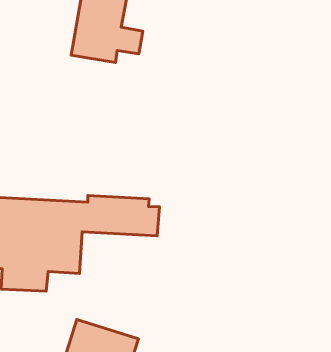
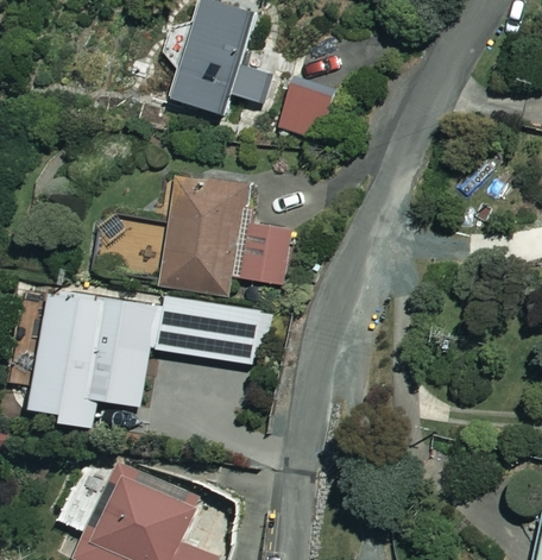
building: none -> [278,75,334,139]
building: none -> [158,172,292,295]

